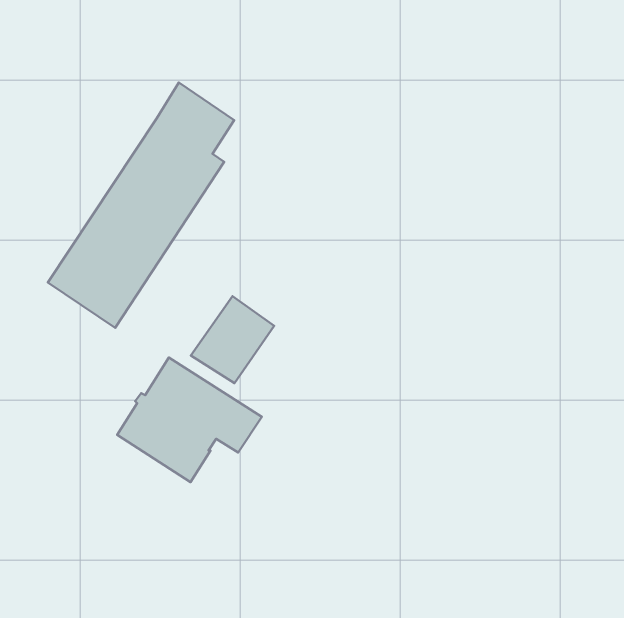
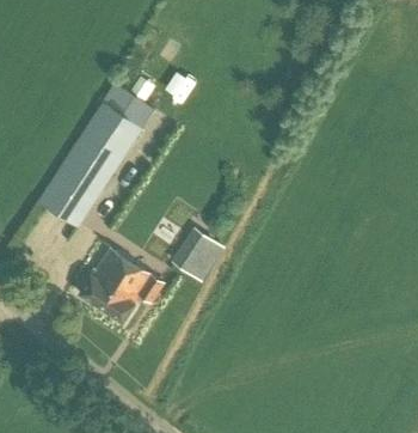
building: [191,296,274,383] -> [164,226,214,279]

